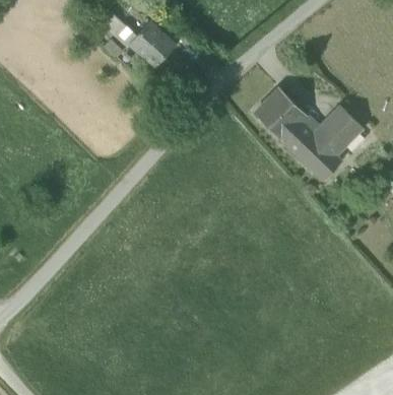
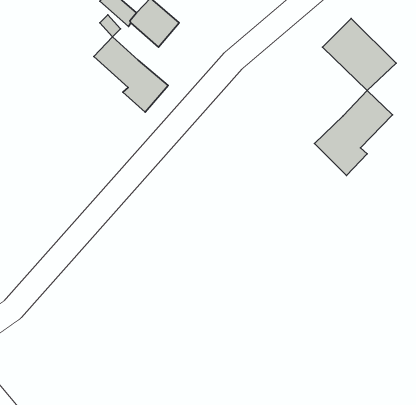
building: none -> [94,37,168,112]
building: [253,87,318,151] -> [323,18,396,91]

